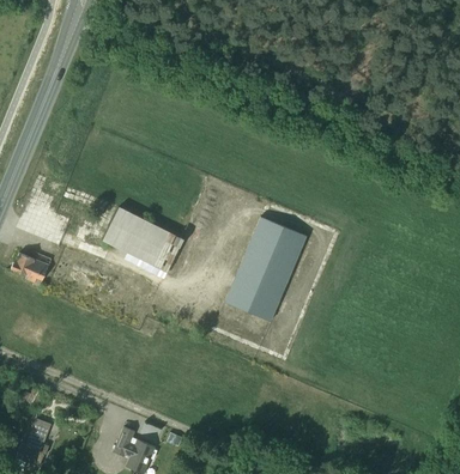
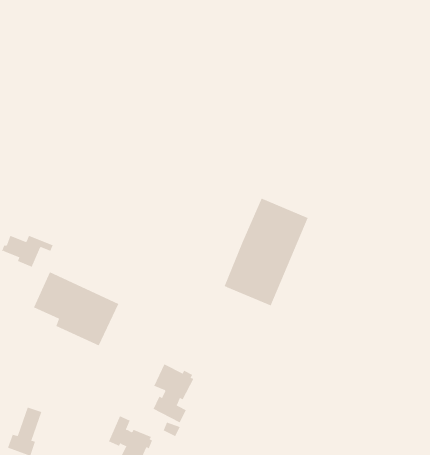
building: [103,206,186,278] -> [33,272,119,346]
building: none -> [153,364,194,423]

